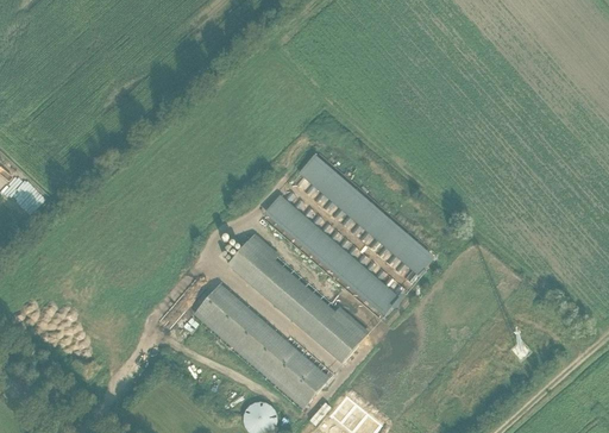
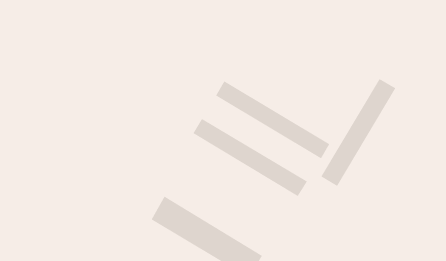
building: none -> [321,78,396,187]
building: [227,233,366,362] -> none

